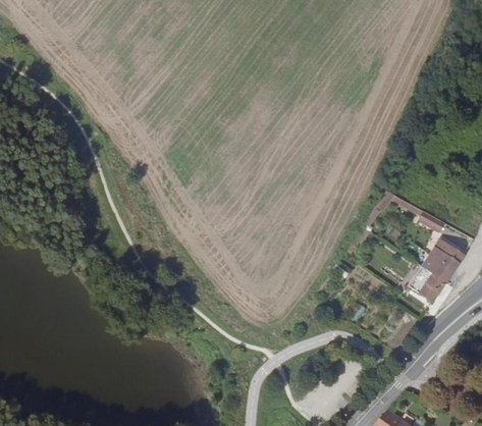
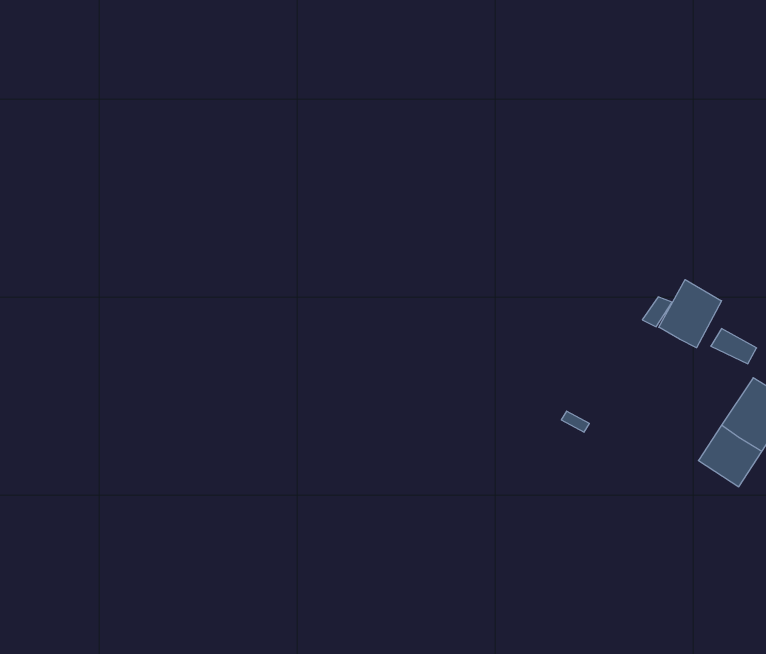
building: none -> [659,280,722,348]

